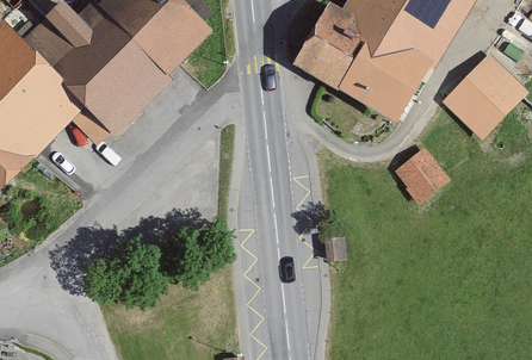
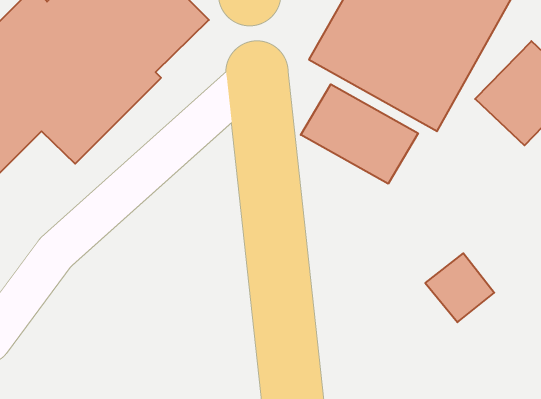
building: none -> [301,84,418,184]
building: [388,141,446,199] -> [425,253,494,322]

